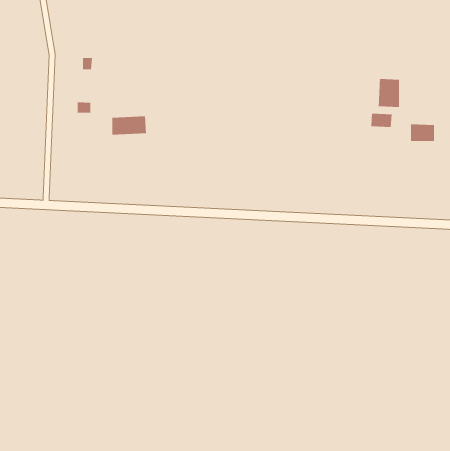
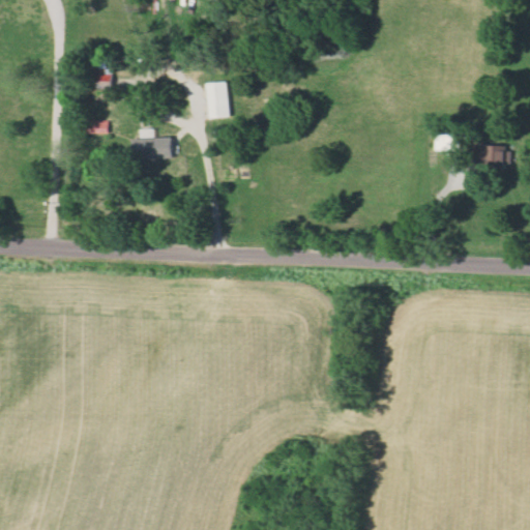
building: none -> [207,83,229,118]
building: [378,78,400,108] -> none

